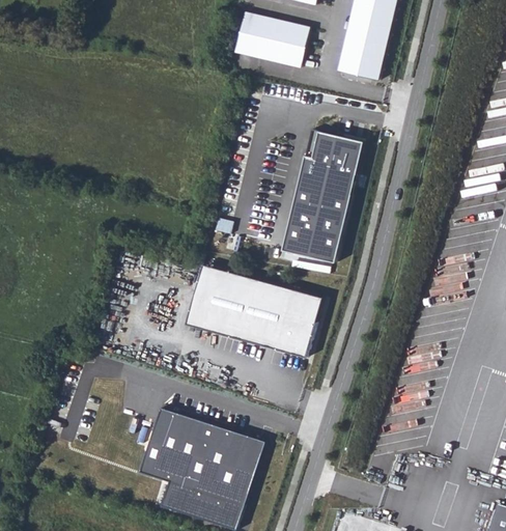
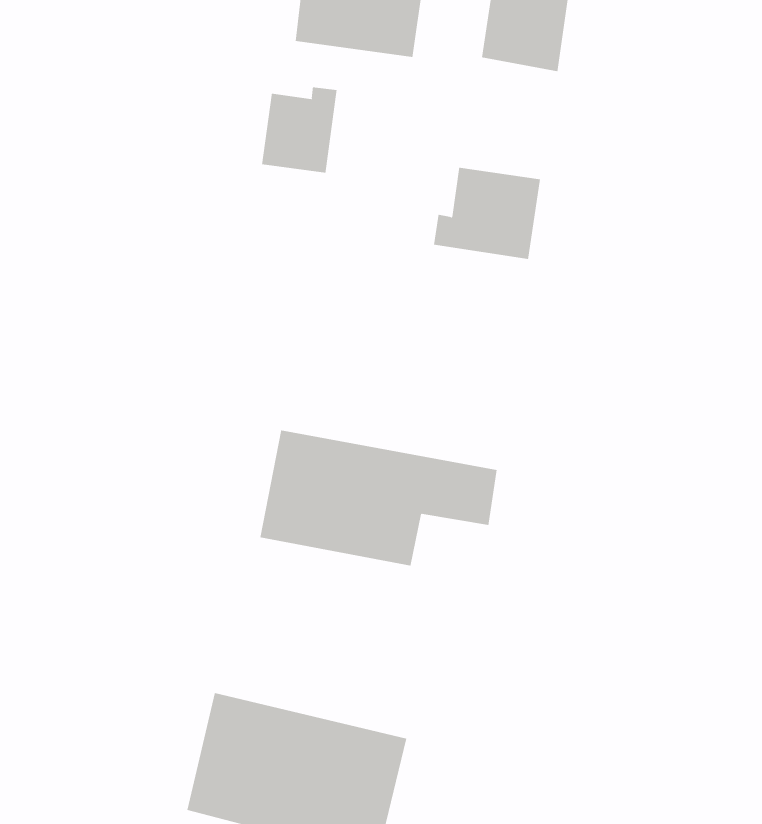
building: none -> [262,87,337,173]
building: [282,172,353,262] -> none
building: [274,319,318,358] -> none

